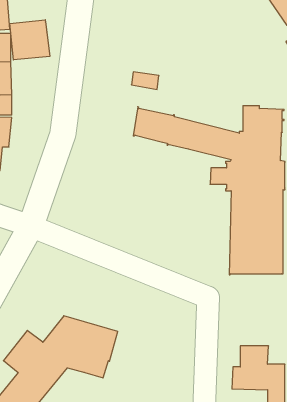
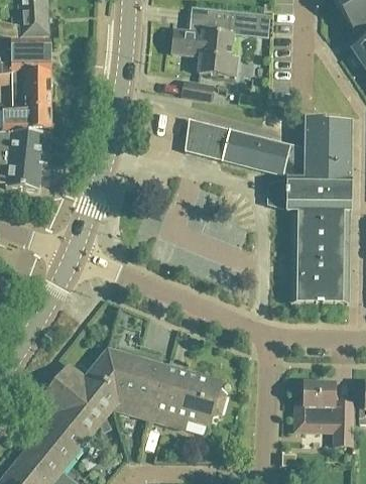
building: none -> [172,6,258,74]
building: [10,20,50,60] -> none
building: none -> [151,366,226,427]

